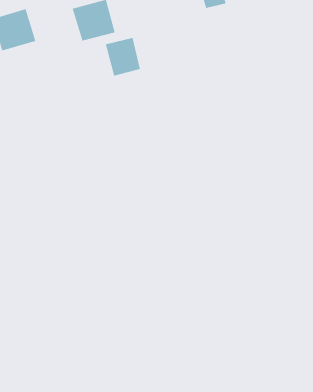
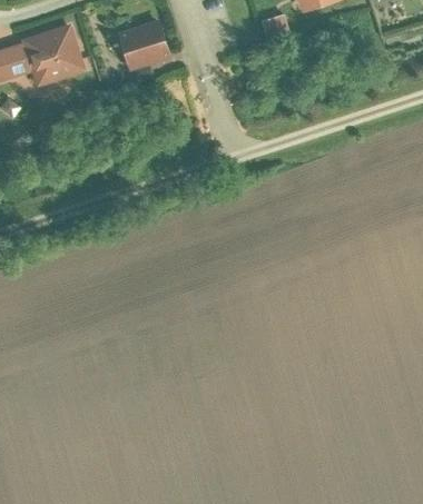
building: [105,37,140,77] -> none

